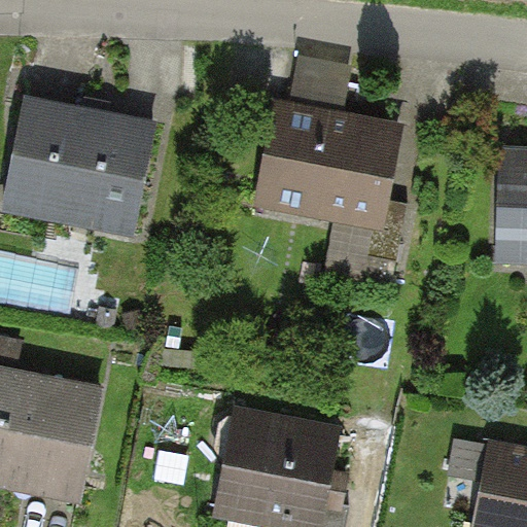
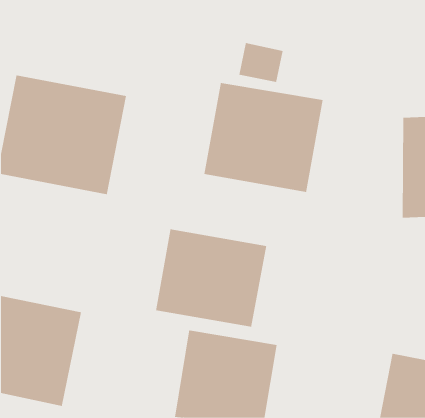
building: none -> [156,229,267,327]

